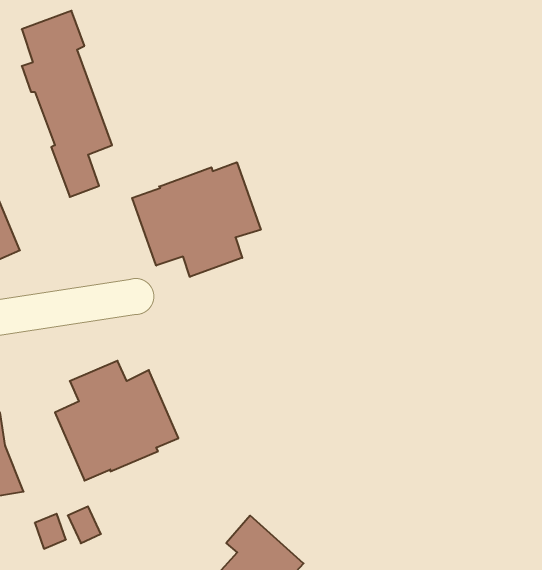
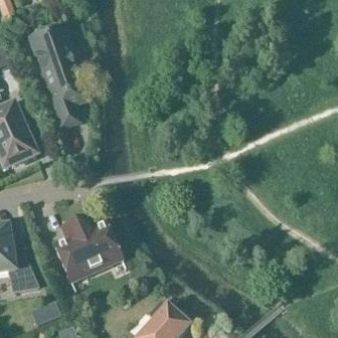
building: [132,162,261,277] -> none

